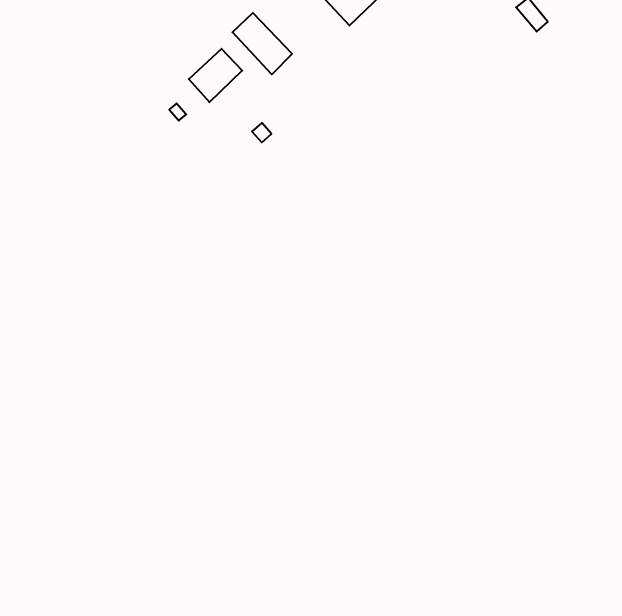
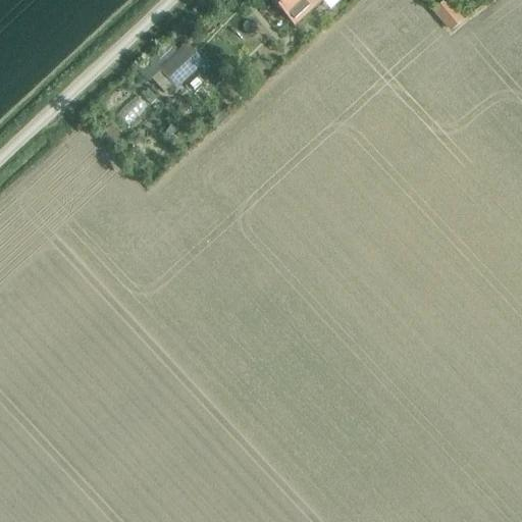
building: [232,13,292,74] -> none

